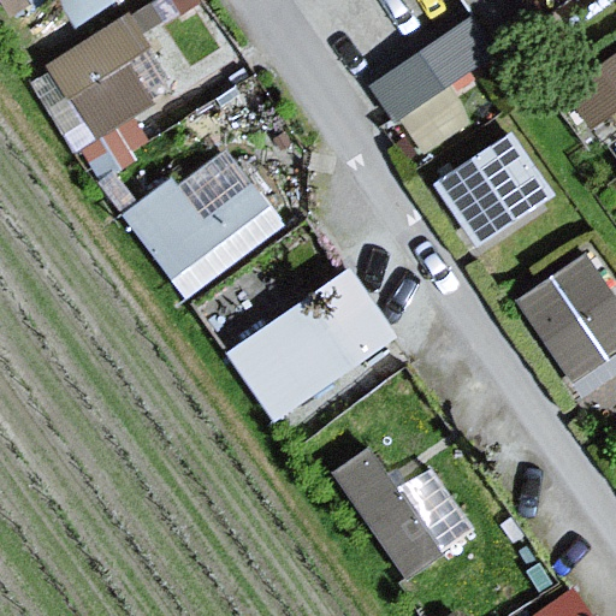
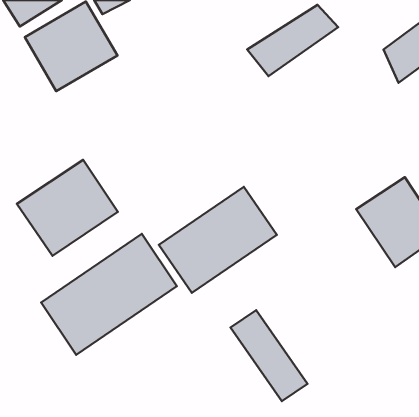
building: [431,129,555,249] -> none
building: [132,149,279,289] -> [17,160,118,256]
building: none -> [41,234,177,355]

